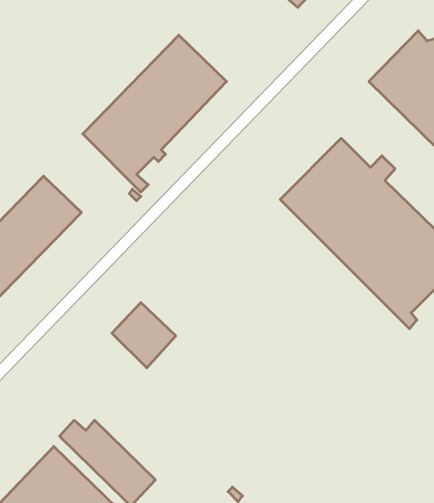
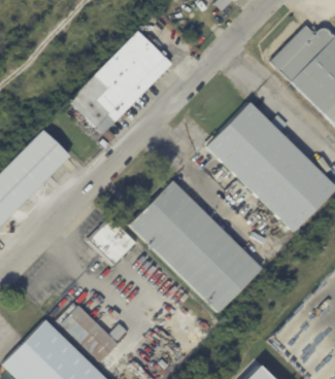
building: none -> [131,181,264,314]

